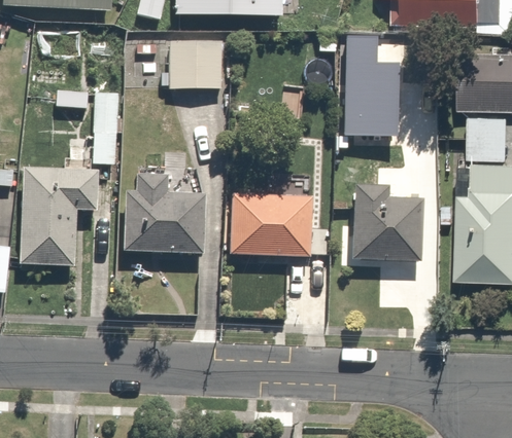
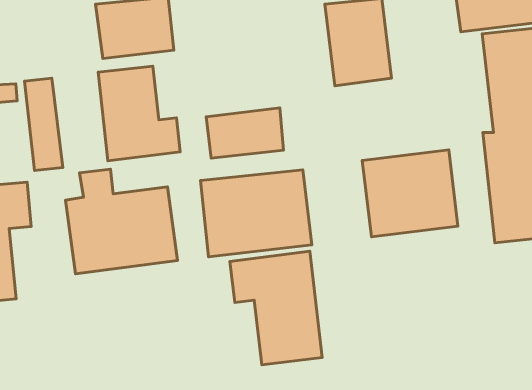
building: none -> [98,66,180,161]
building: none -> [206,108,284,158]
building: none -> [230,251,322,365]

